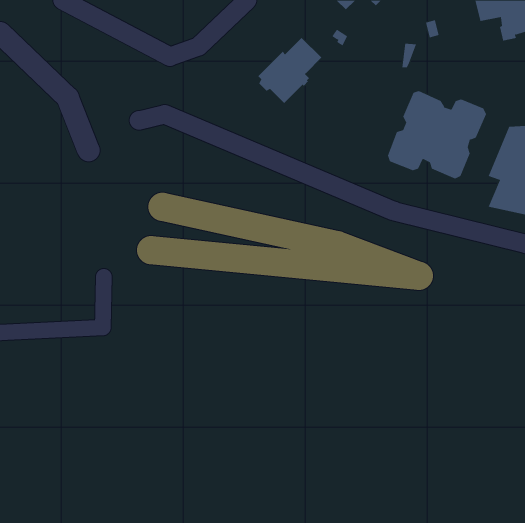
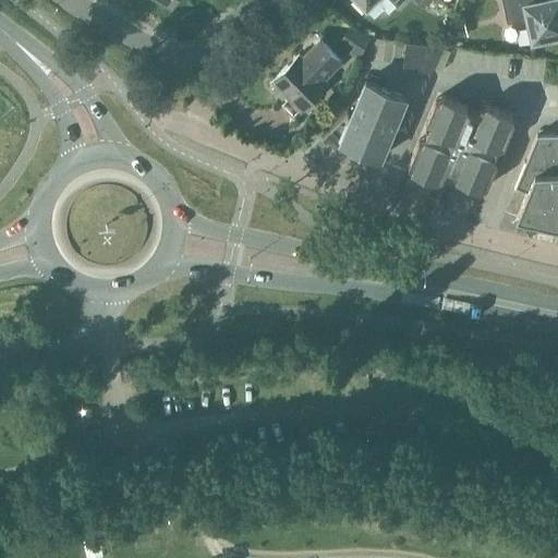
building: none -> [326,84,408,161]

